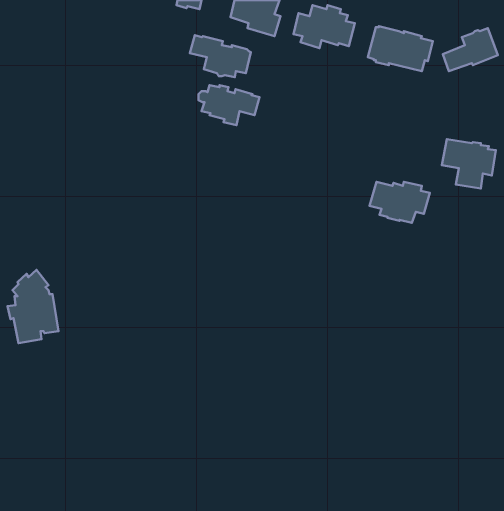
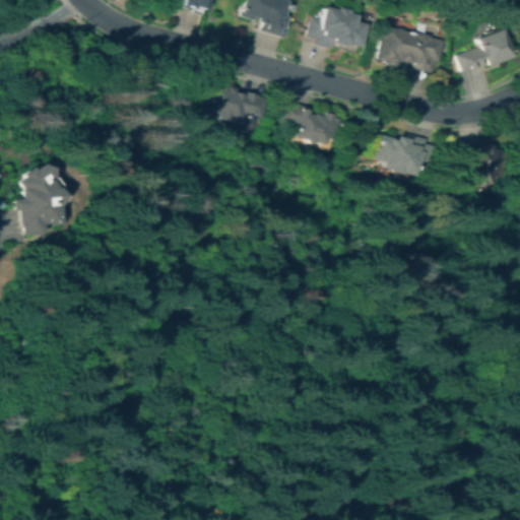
building: [190,35,251,77] -> [282,103,344,145]
building: [370,182,430,223] -> [378,135,439,177]
building: [7,270,59,343] -> [14,162,66,237]

